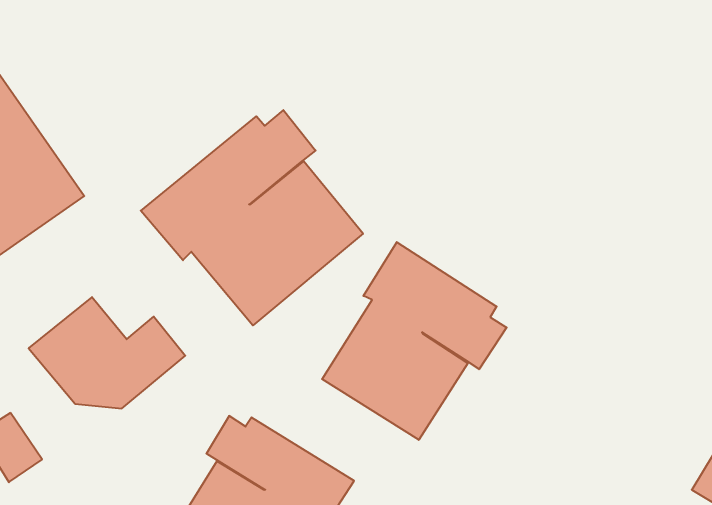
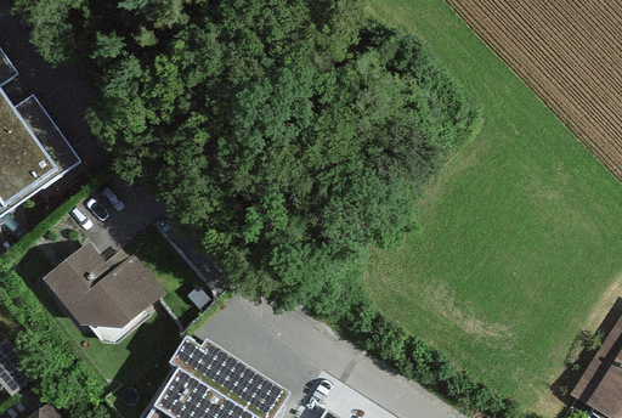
building: [141,110,363,325] -> none
building: [322,242,507,440] -> none

